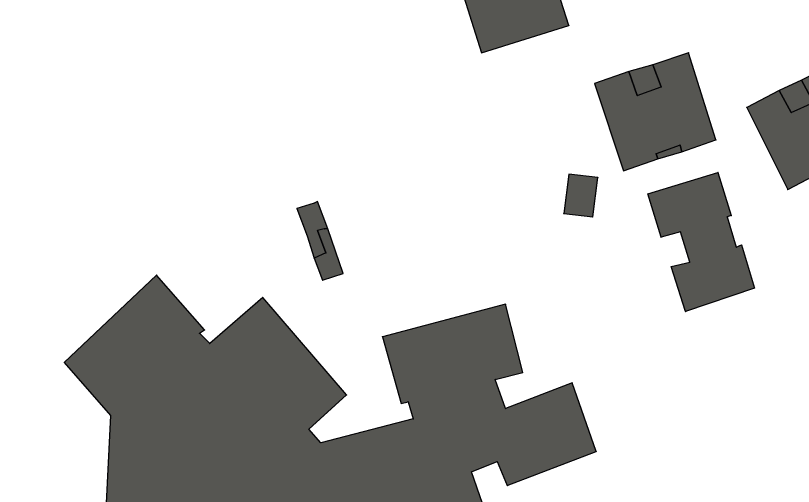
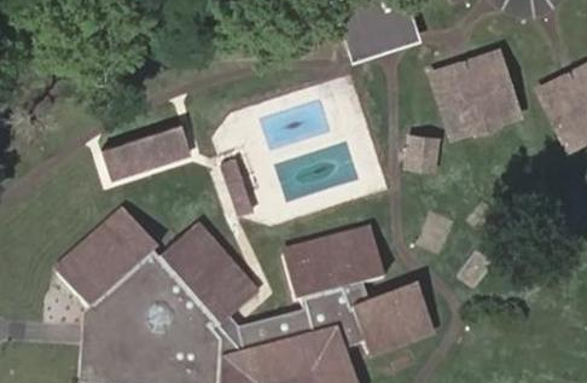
building: none -> [103,123,192,178]
building: [648,172,755,312] -> none

